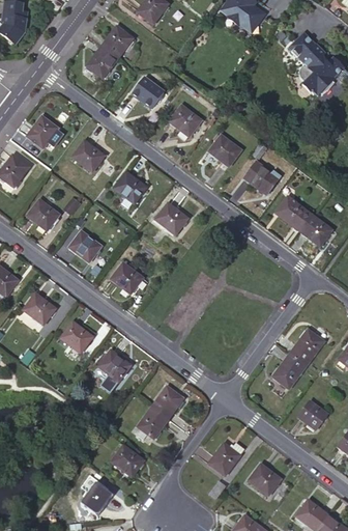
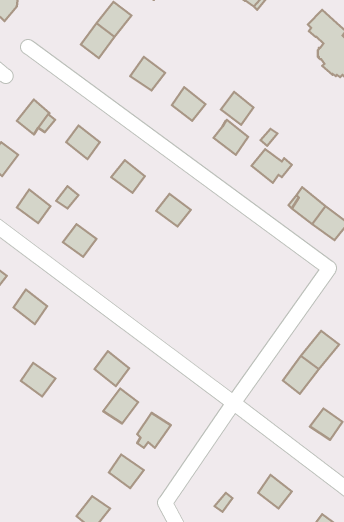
building: none -> [221,92,253,125]
building: [111,262,143,292] -> none
building: [61,320,93,352] -> [21,363,55,397]
building: [151,385,183,417] -> [103,389,138,423]
building: [209,441,244,474] -> none

